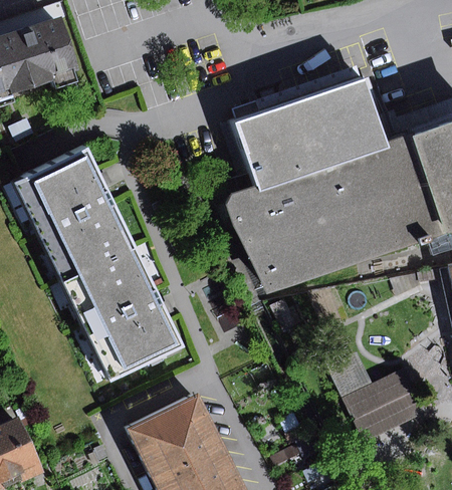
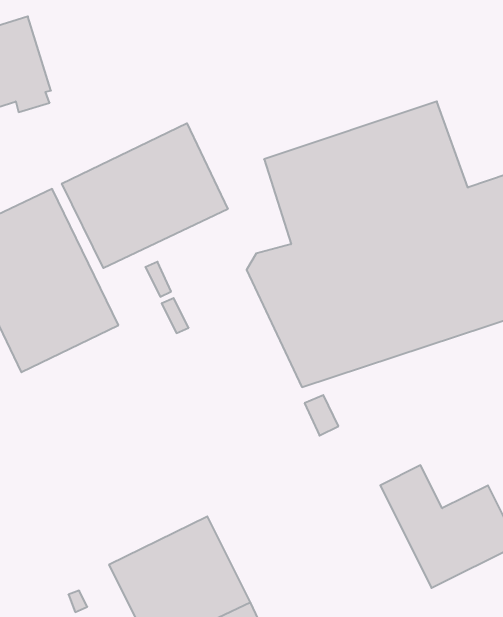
building: none -> [62,123,228,268]
building: [58,246,177,379] -> none

